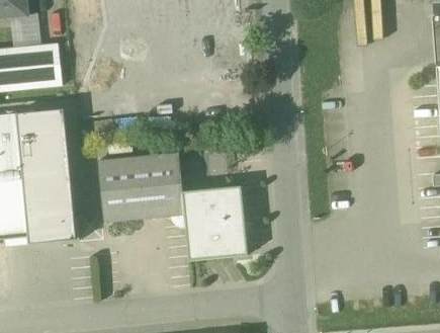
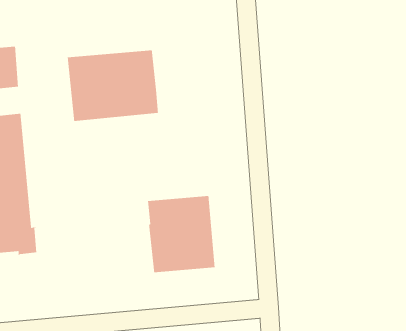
building: [98,153,185,222] -> [67,49,159,122]

